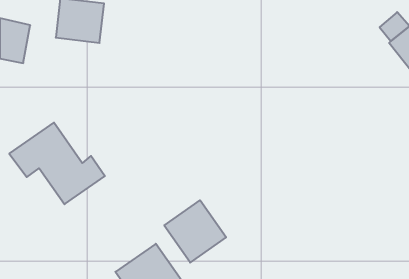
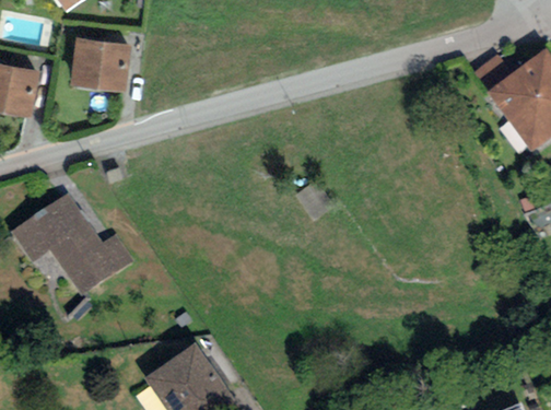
building: [164,200,226,263] -> none

